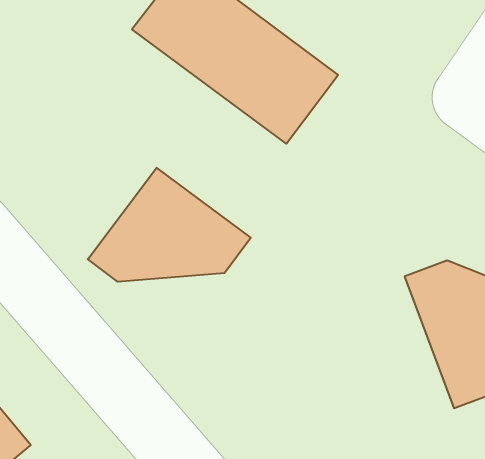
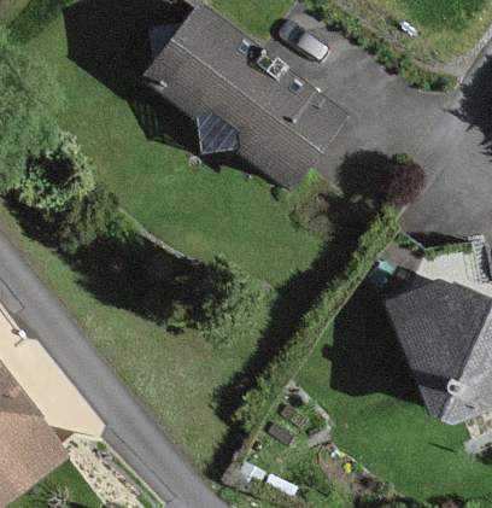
building: [88,168,251,282] -> none

